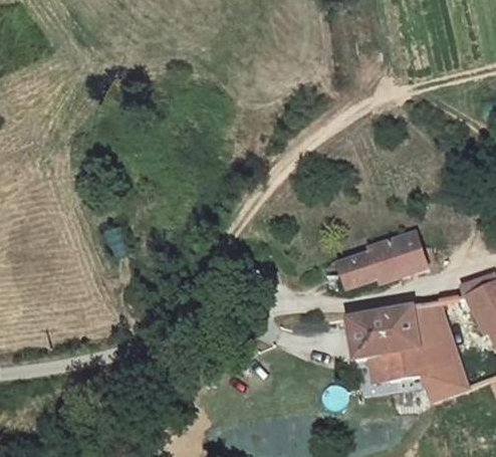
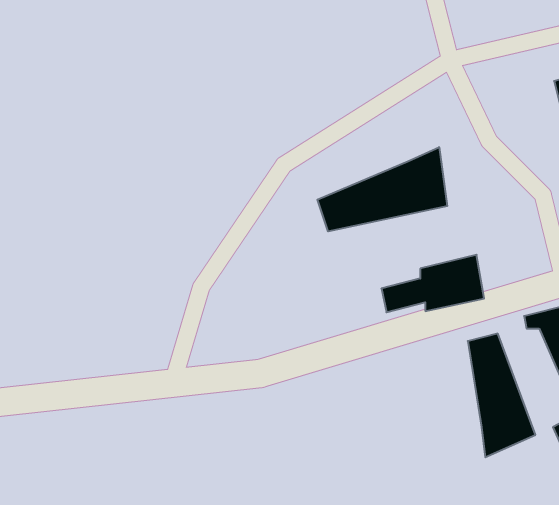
building: none -> [317,147,447,231]
building: [342,304,424,382] -> none

